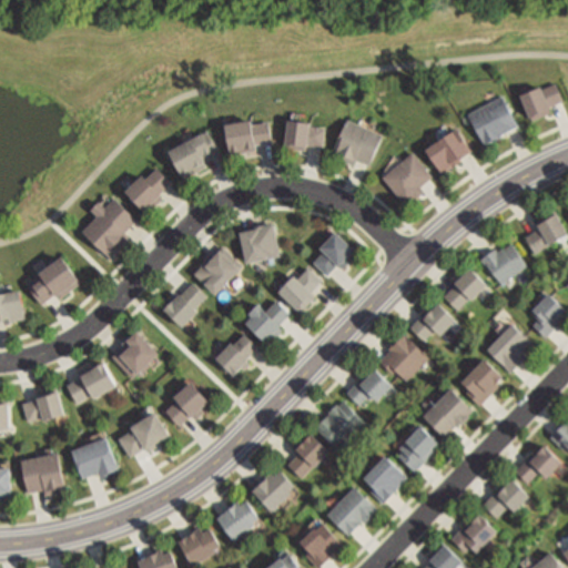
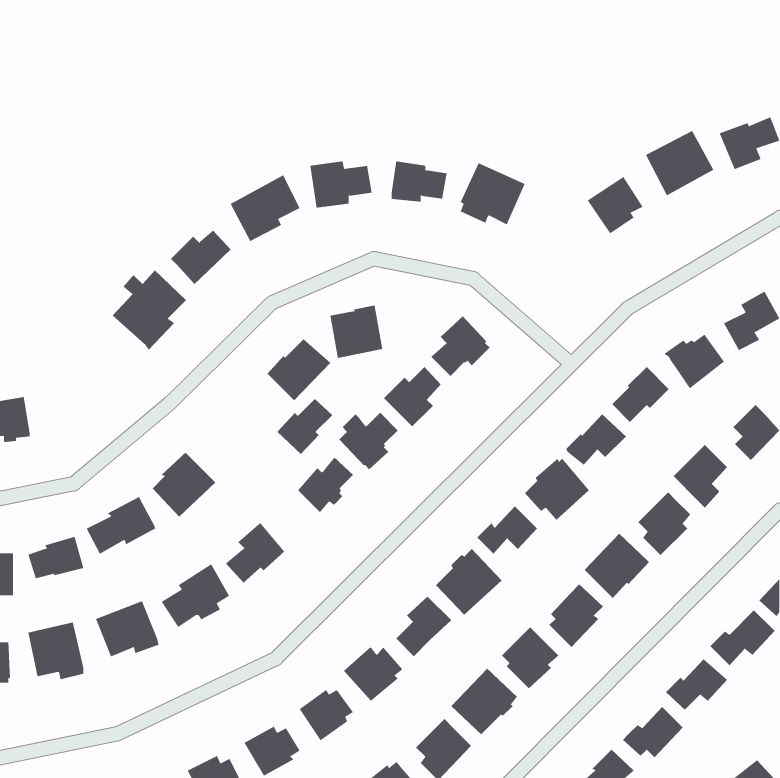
building: [383,158,434,211] -> none
building: [24,256,79,305] -> none
building: [163,285,204,326] -> [276,398,333,455]

